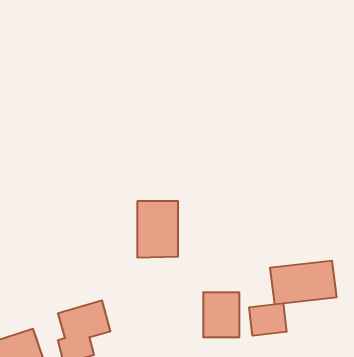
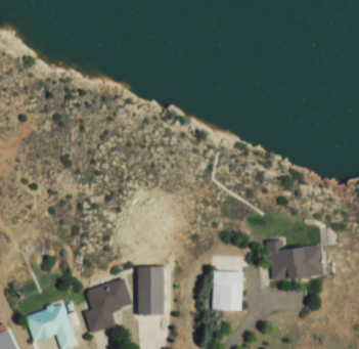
building: [137,201,178,258] -> [135,266,171,315]
building: [249,303,286,336] -> none

